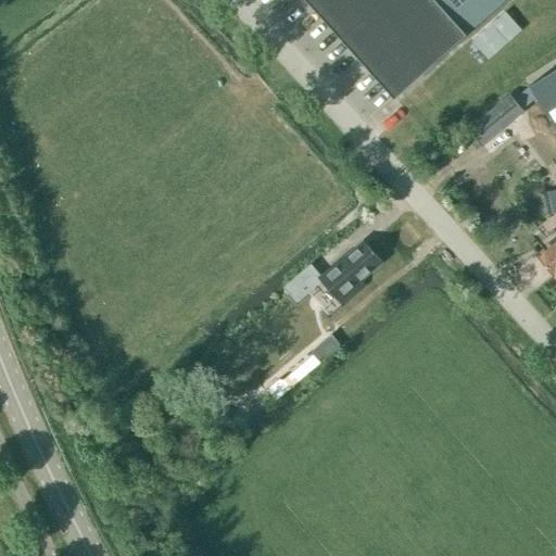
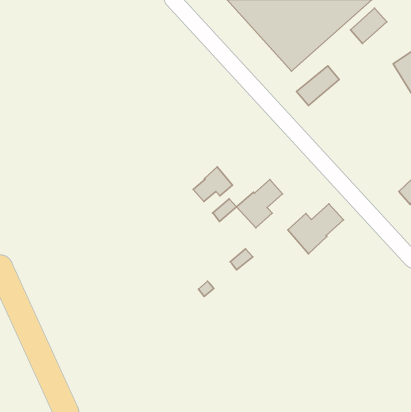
building: [468,92,526,146] -> [296,66,339,105]
building: none -> [193,167,233,202]
building: none -> [288,204,343,254]

